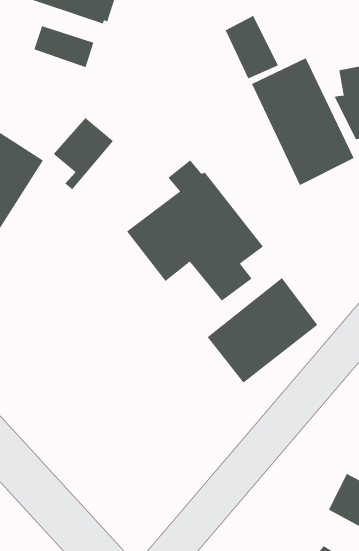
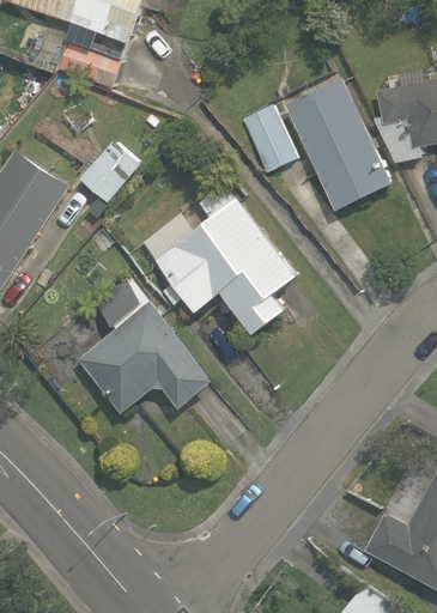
building: [225,15,279,79] -> [241,104,297,171]
building: none -> [77,299,214,412]
building: [207,277,318,384] -> none

